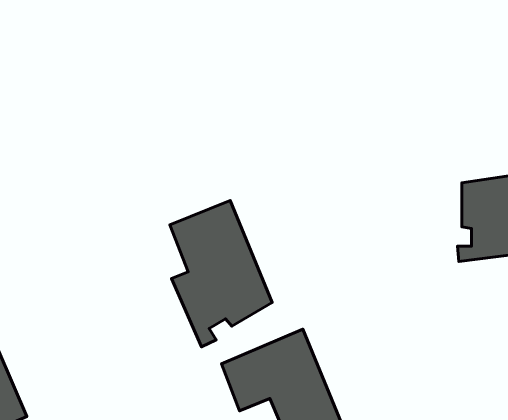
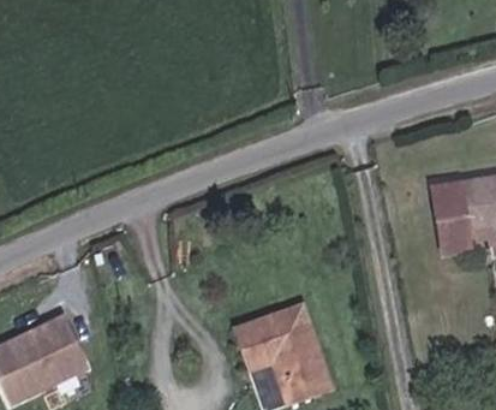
building: [170,201,272,347] -> none

